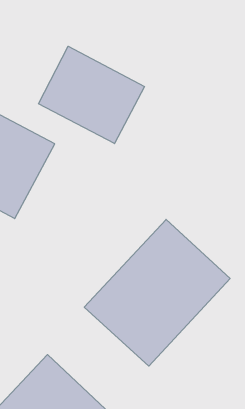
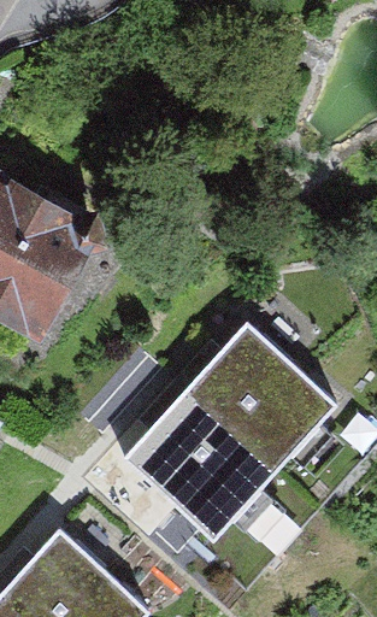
building: [39,46,144,144] -> none

